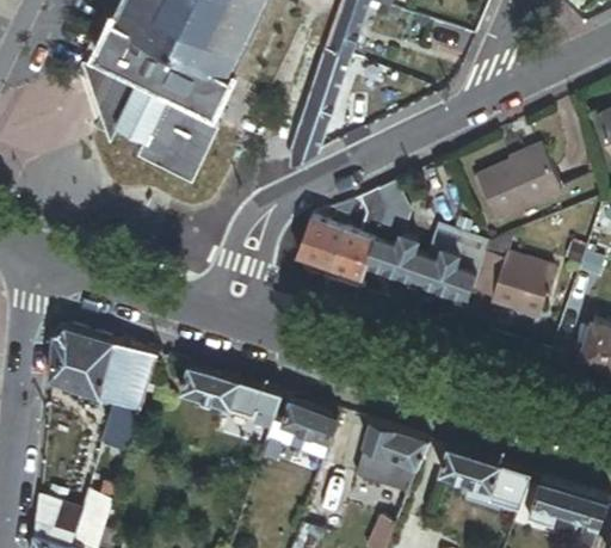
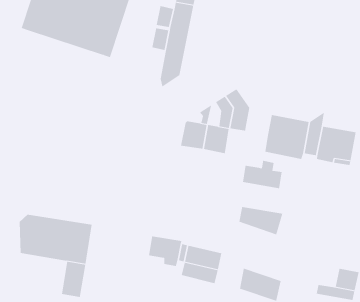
building: [80,62,218,186] -> none
building: [479,148,561,221] -> none
building: [365,238,425,282] -> [242,160,282,189]
building: [180,364,240,408] -> none
building: [365,423,431,470] -> [238,207,283,235]
building: [440,447,502,489] -> none

